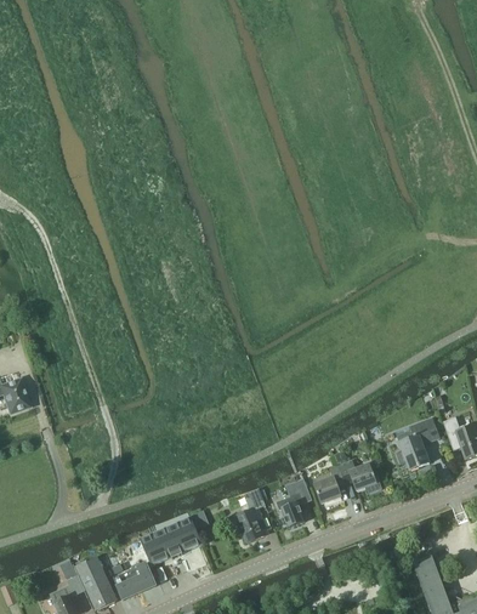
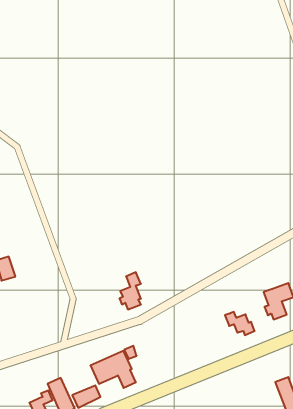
building: [314,456,345,504] -> none
building: [277,479,311,528] -> none
building: [234,488,266,542] -> [119,272,141,309]

